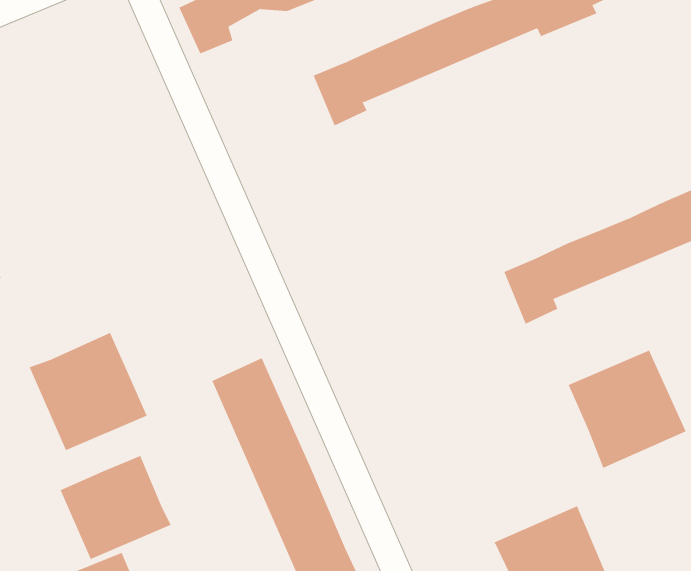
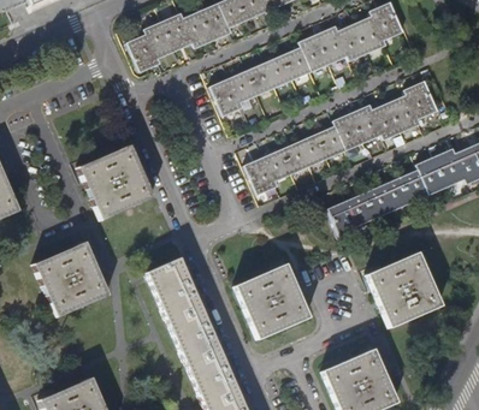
building: none -> [246,79,438,194]
building: none -> [79,144,153,219]
building: none -> [236,265,307,338]
building: [60,455,172,560] -> none

